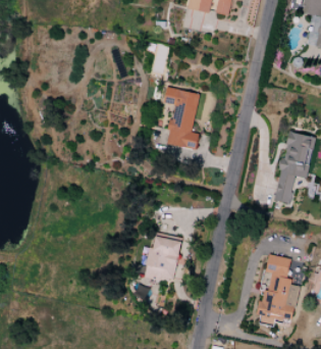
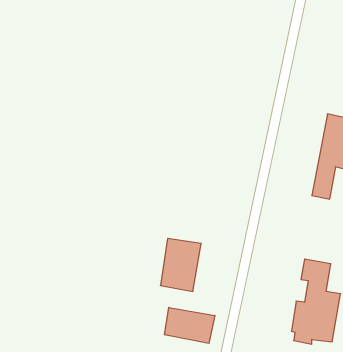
building: [164,87,199,149] -> none
building: none -> [164,307,215,343]

